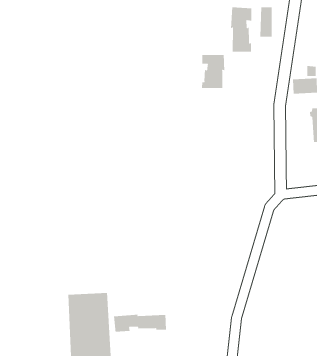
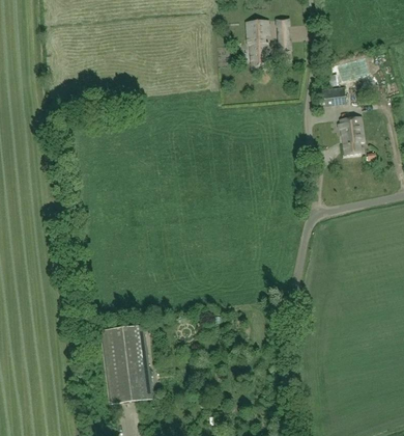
building: [201,54,225,89] -> none
building: [113,314,166,332] -> none

